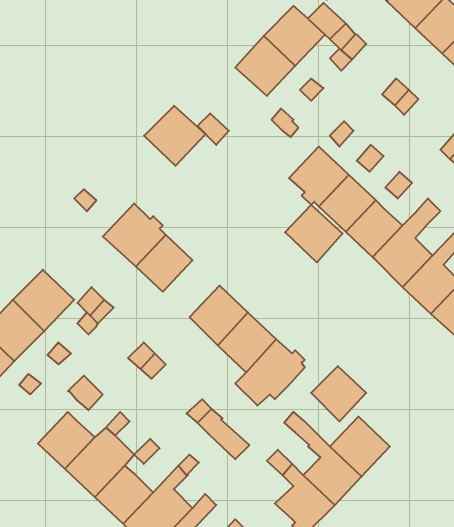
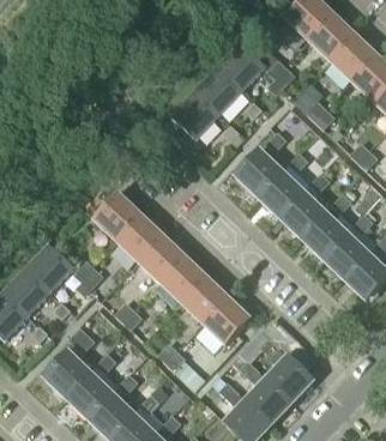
building: [144,106,206,166] -> [173,91,219,137]
building: [285,205,343,262] -> none
building: none -> [140,237,183,280]

